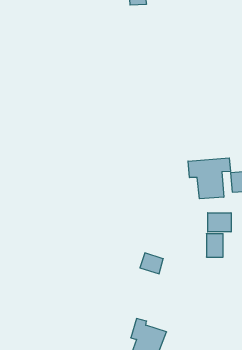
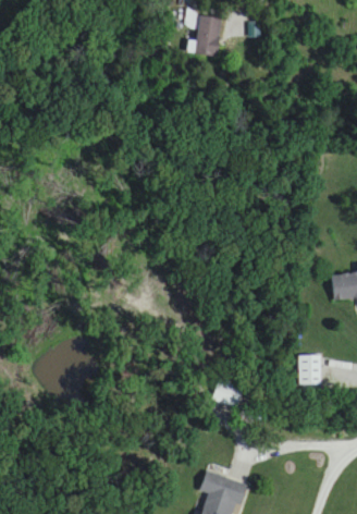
building: [188,158,230,199] -> none
building: [208,213,231,232] -> none

